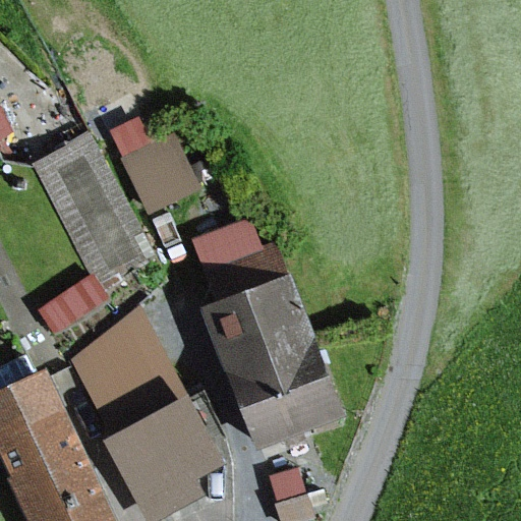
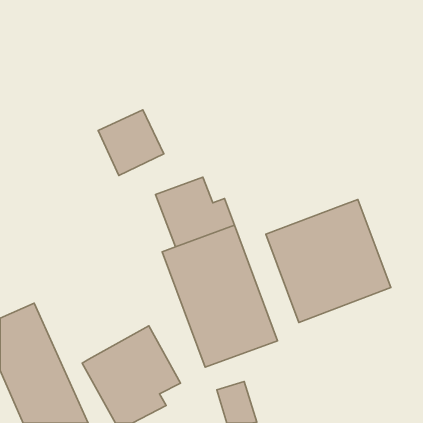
building: [30,133,153,285] -> none
building: none -> [266,200,391,322]
building: [72,303,184,440] -> none

